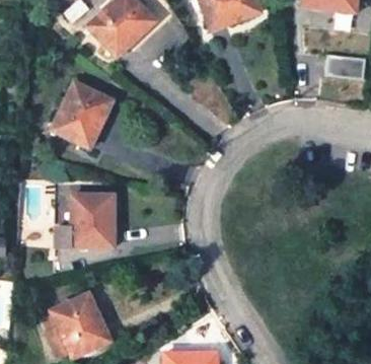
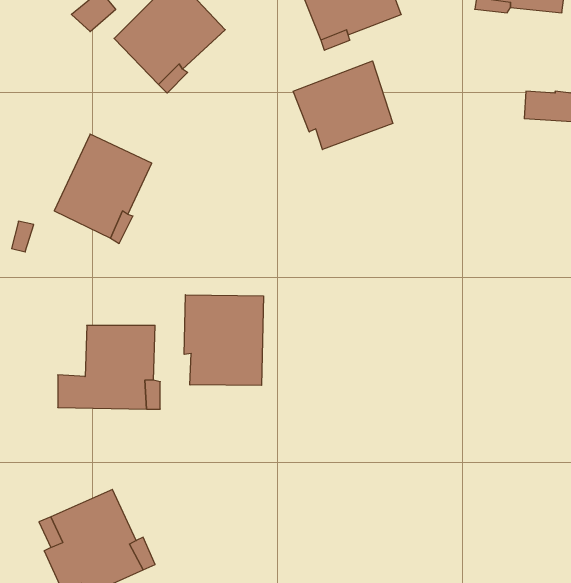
building: none -> [293,61,393,150]
building: none -> [184,295,263,385]

